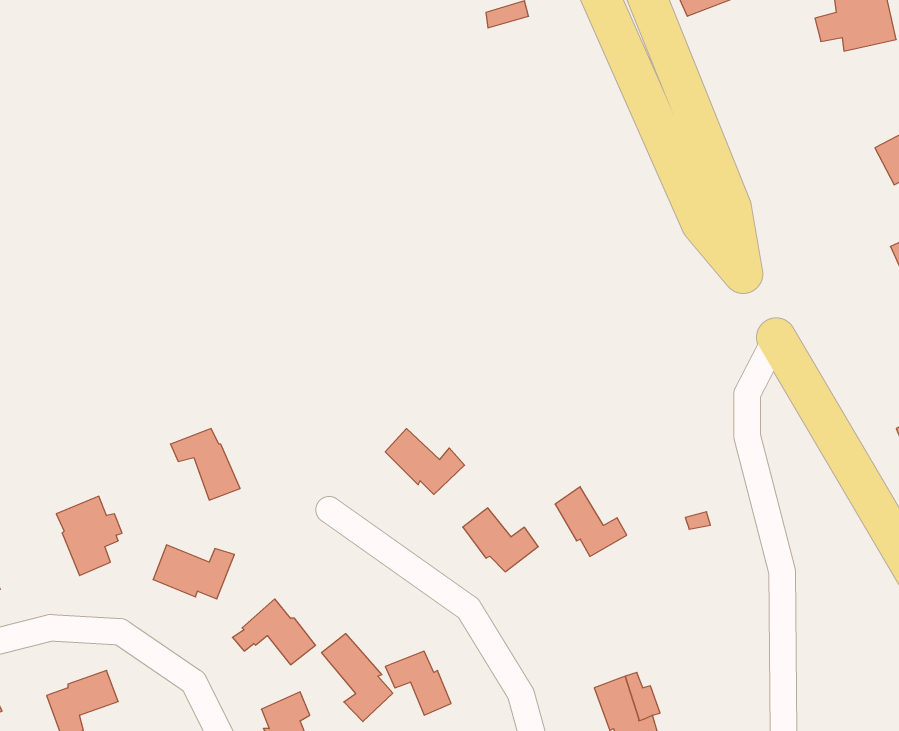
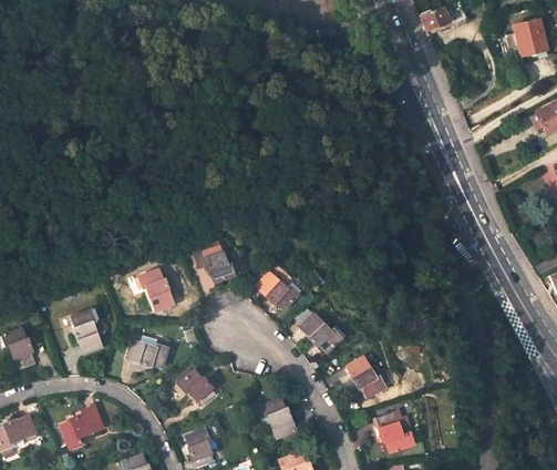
building: none -> [203,244,239,280]
building: [555,487,627,556] -> [345,356,386,396]
building: [322,634,393,722] -> none

